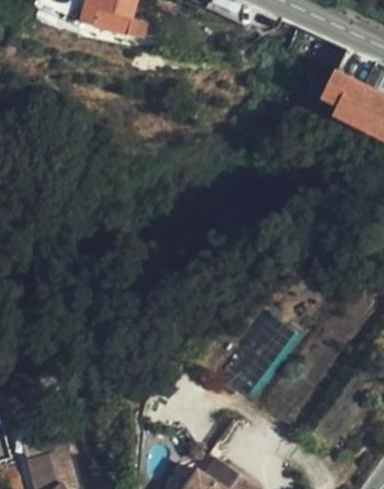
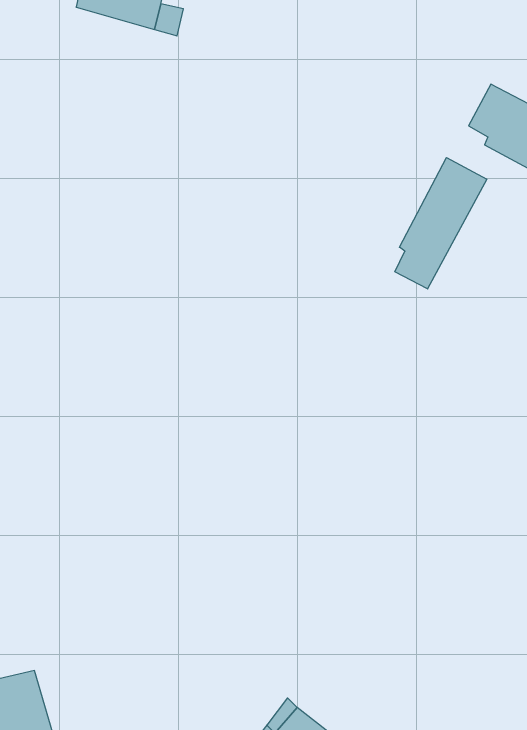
building: none -> [395,158,487,289]

